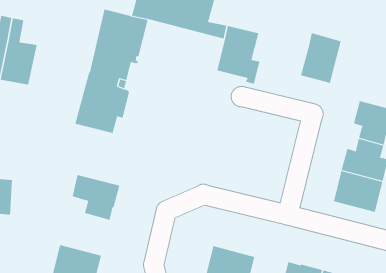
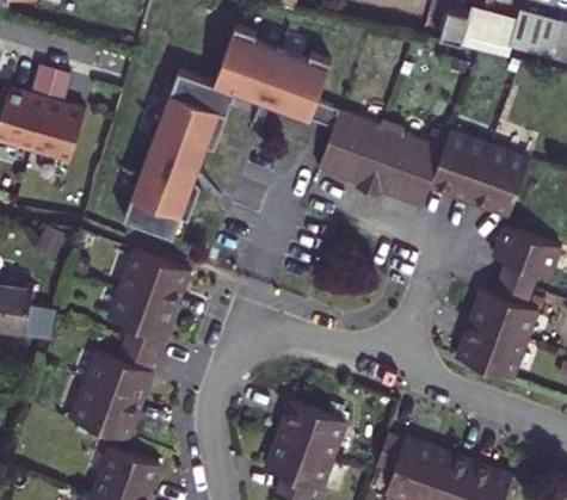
building: none -> [368,119,444,206]
building: none -> [469,146,529,215]
building: none -> [119,249,190,309]
building: none -> [87,341,158,400]

